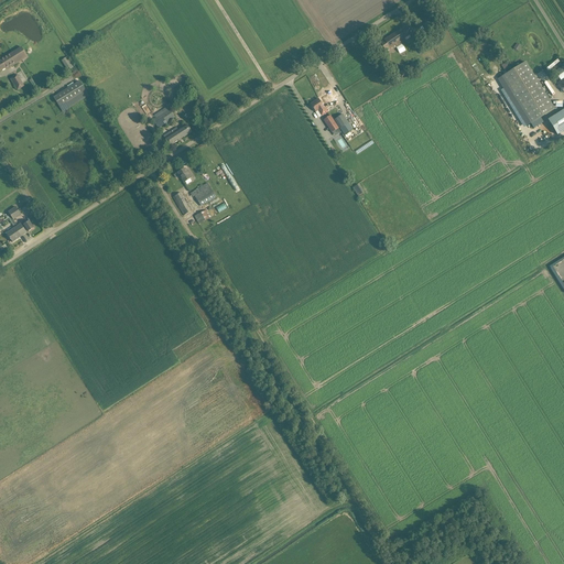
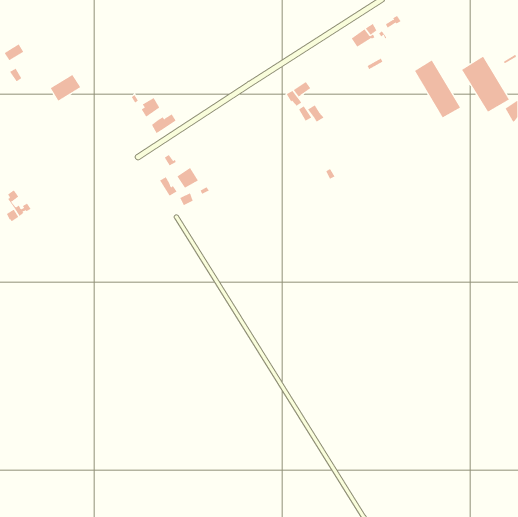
building: none -> [414,59,461,118]

